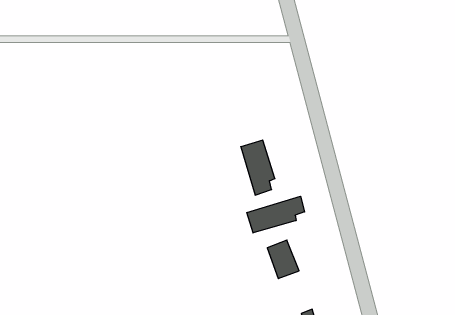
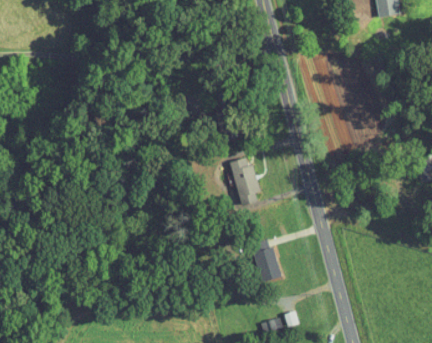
building: [247,196,305,233] -> none

